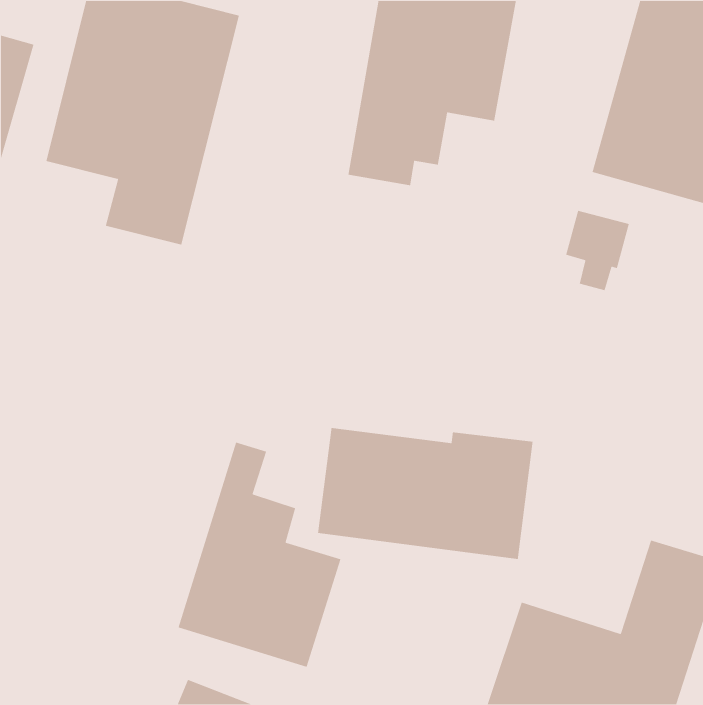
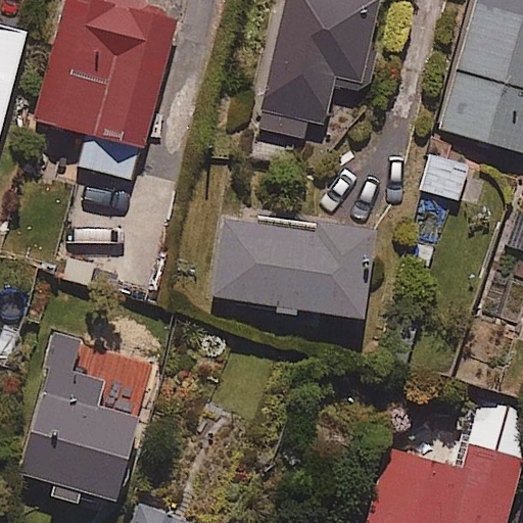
building: [317,427,534,560] -> [213,218,374,316]
building: [178,441,342,668] -> [15,332,137,500]

